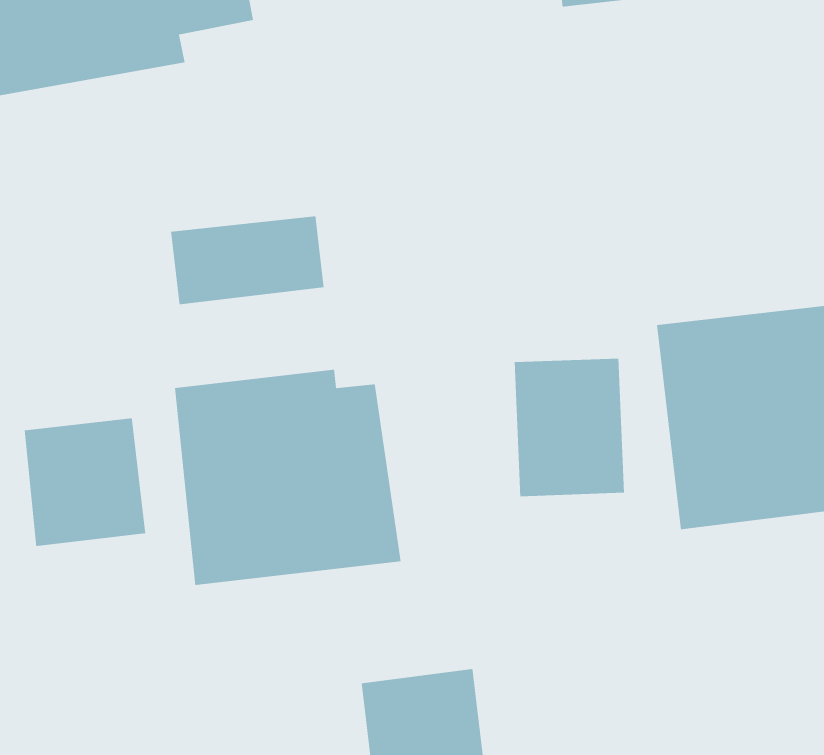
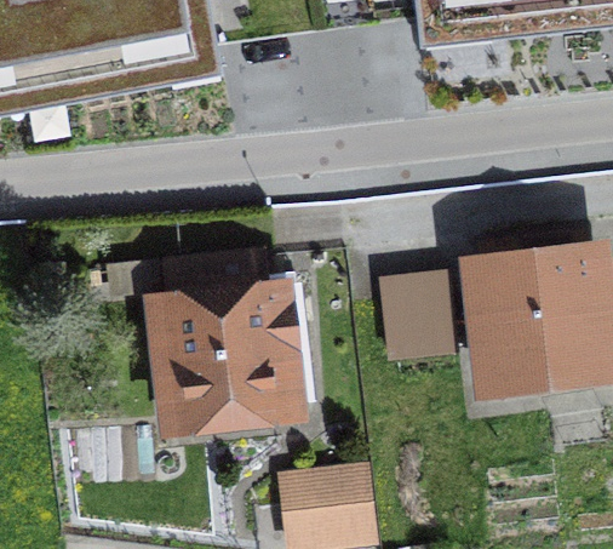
building: [171,215,324,305] -> none
building: [24,418,146,547] -> none

